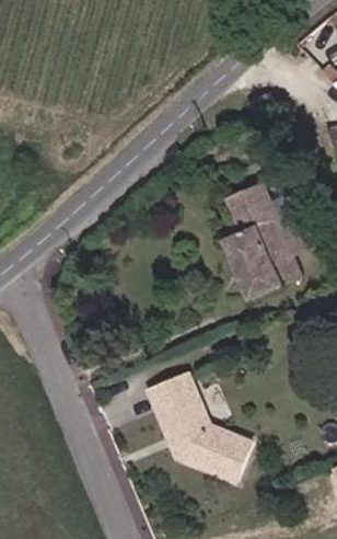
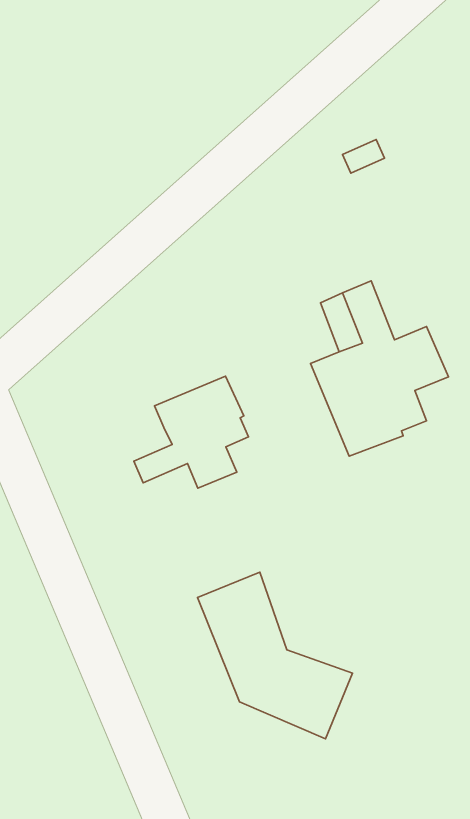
building: none -> [134,376,249,488]

